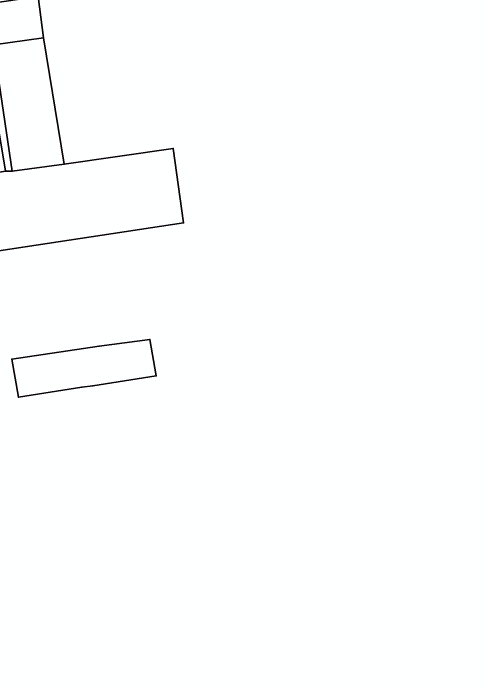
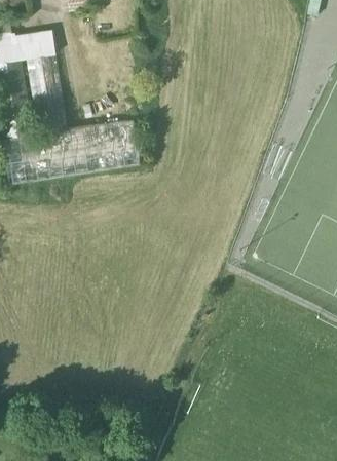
building: [12,339,156,397] -> none

